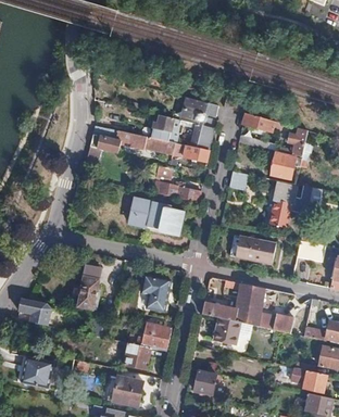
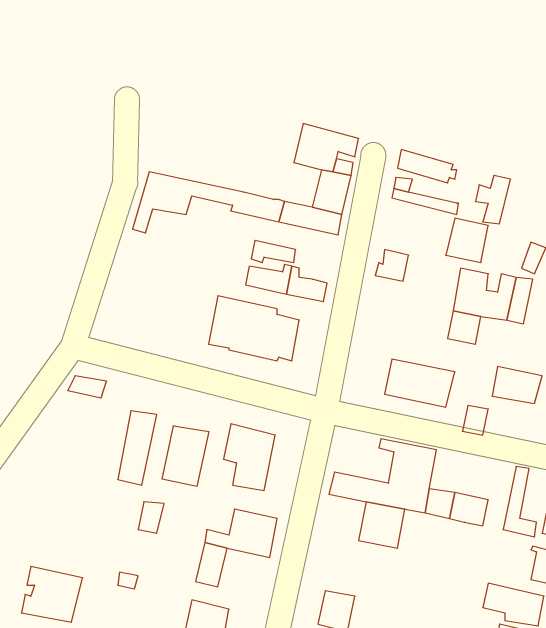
building: [151,115,180,143] -> none
building: none -> [162,426,209,486]
building: [17,299,49,326] -> none

